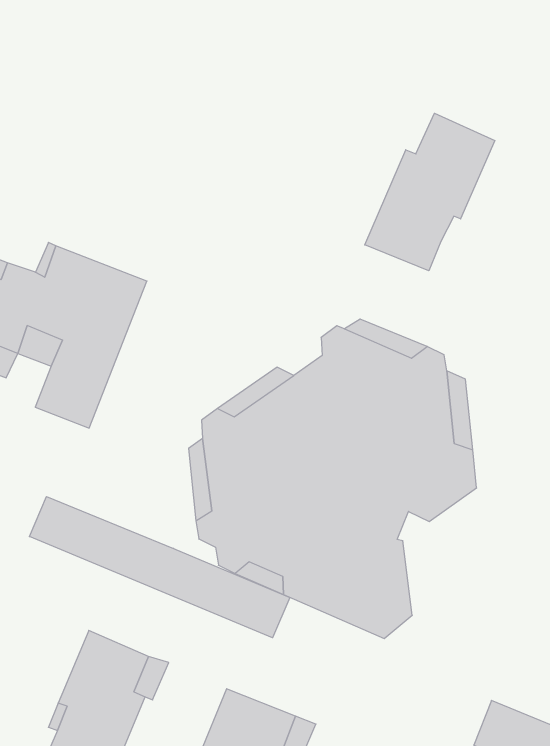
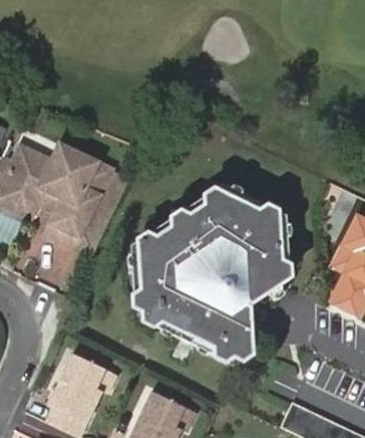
building: [365,113,495,271] -> none
building: [29,497,290,638] -> none

